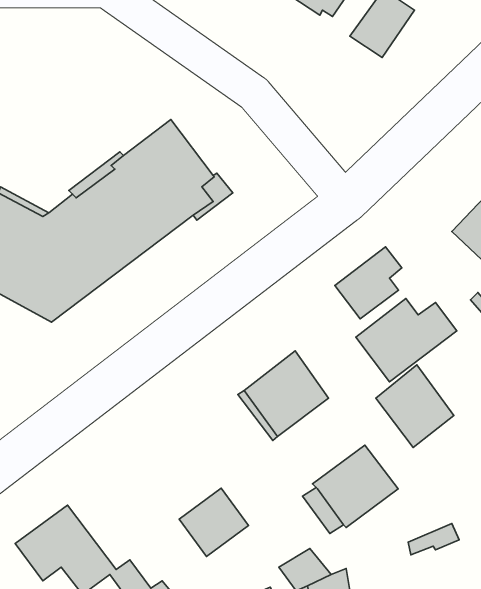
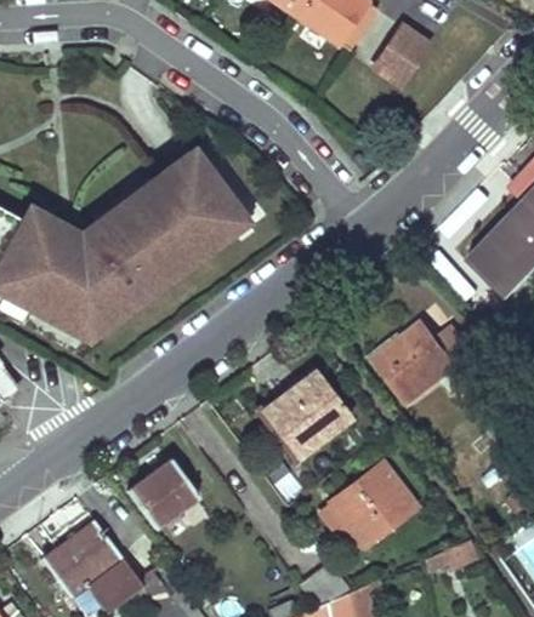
building: [335,247,402,319] -> none
building: [376,365,454,448] -> none
building: [179,488,249,557] -> [130,459,198,526]

